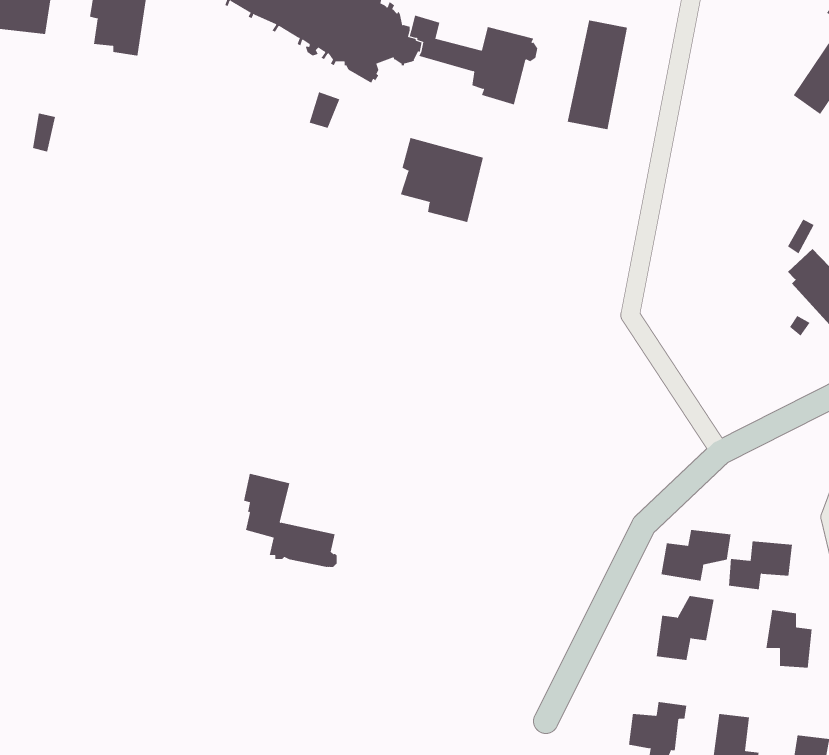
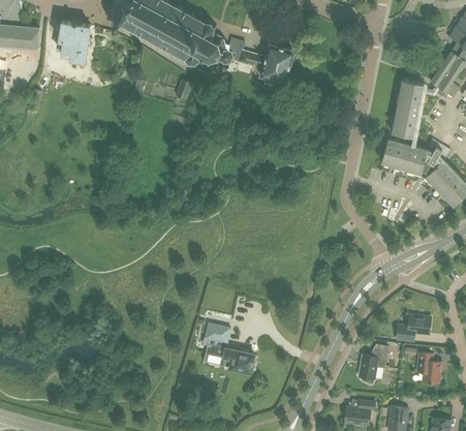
building: [567,20,628,130] -> [391,79,423,136]
building: [400,137,484,223] -> none
building: none -> [380,142,426,172]
building: [243,473,337,567] -> [205,322,254,372]
building: [661,529,731,581] -> none

